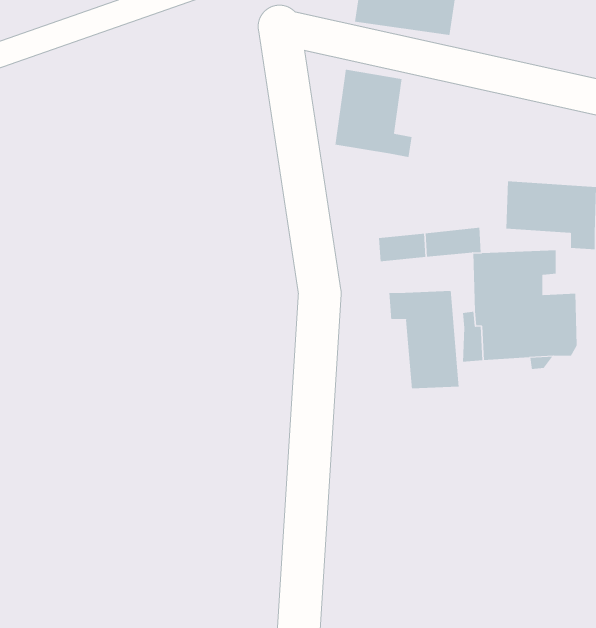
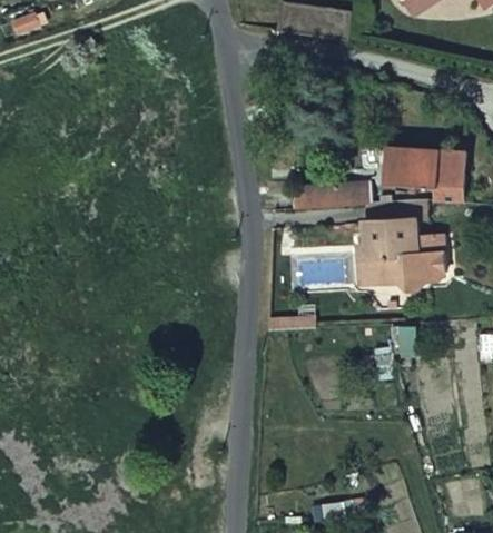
building: [335,69,412,158] -> none
building: [389,290,459,389] -> none

